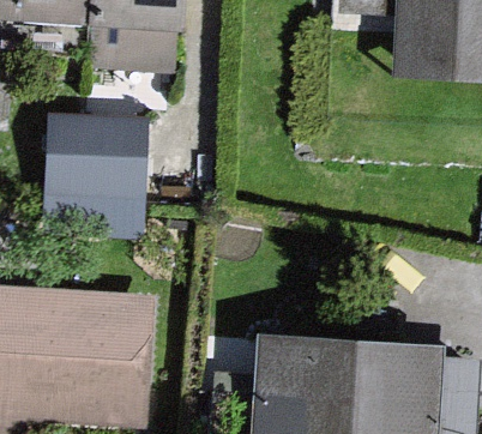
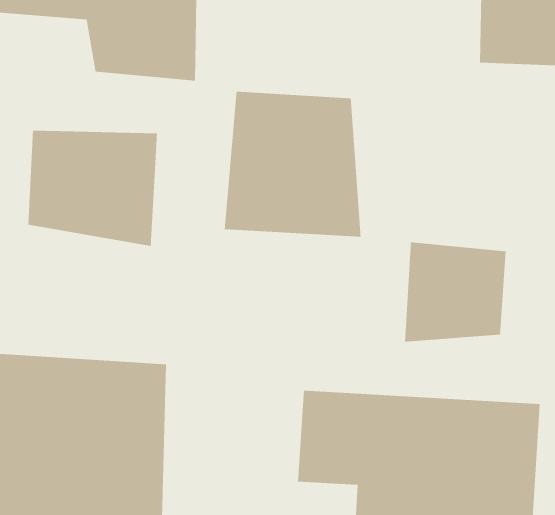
building: none -> [224,91,361,237]
building: none -> [404,242,506,343]

